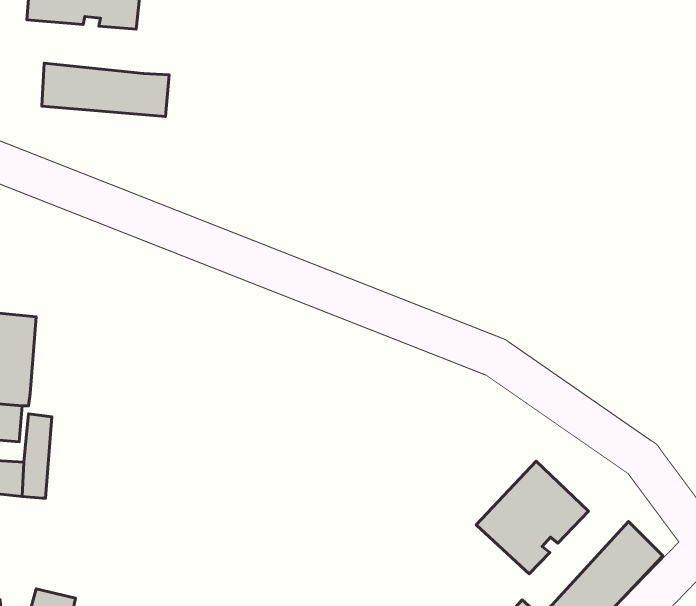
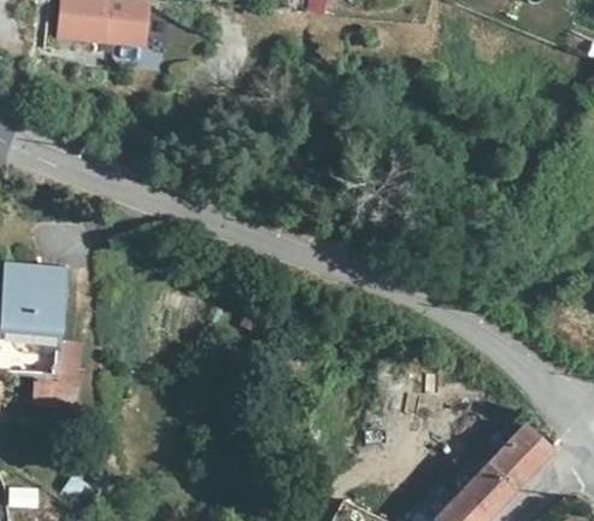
building: [42,63,169,116] -> none
building: [476,461,589,574] -> none

